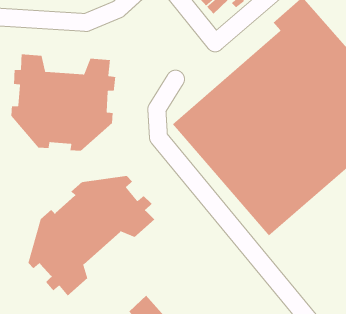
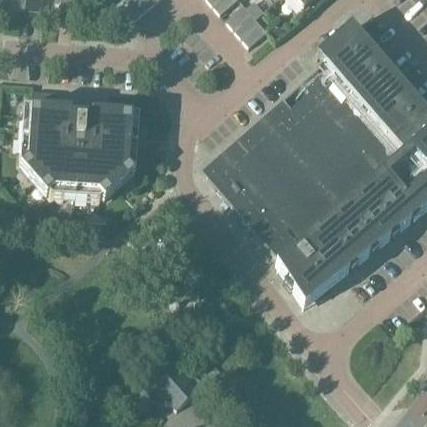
building: [28,175,155,297] -> none

